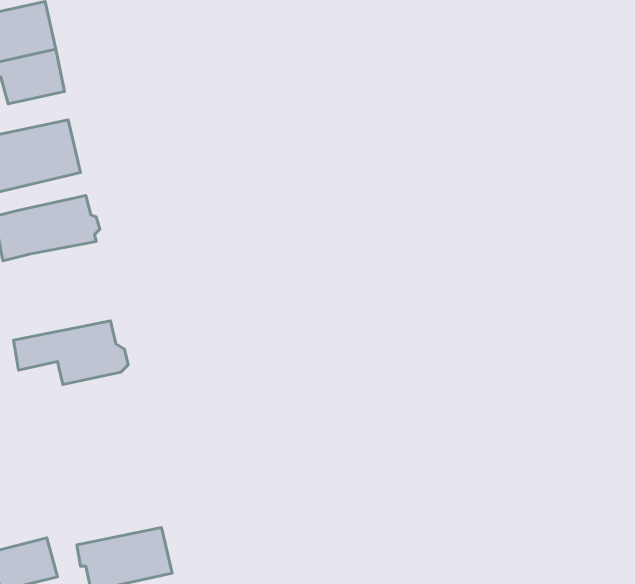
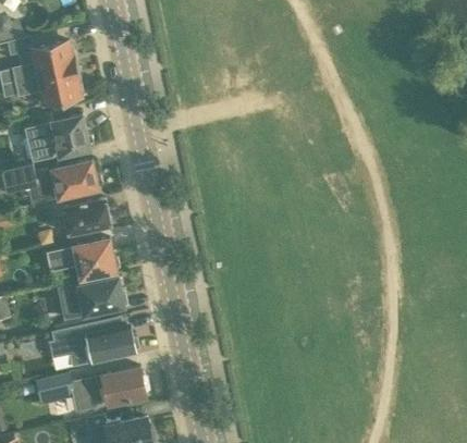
building: none -> [62,199,110,236]
building: none -> [56,278,121,321]
building: none -> [50,317,139,367]

